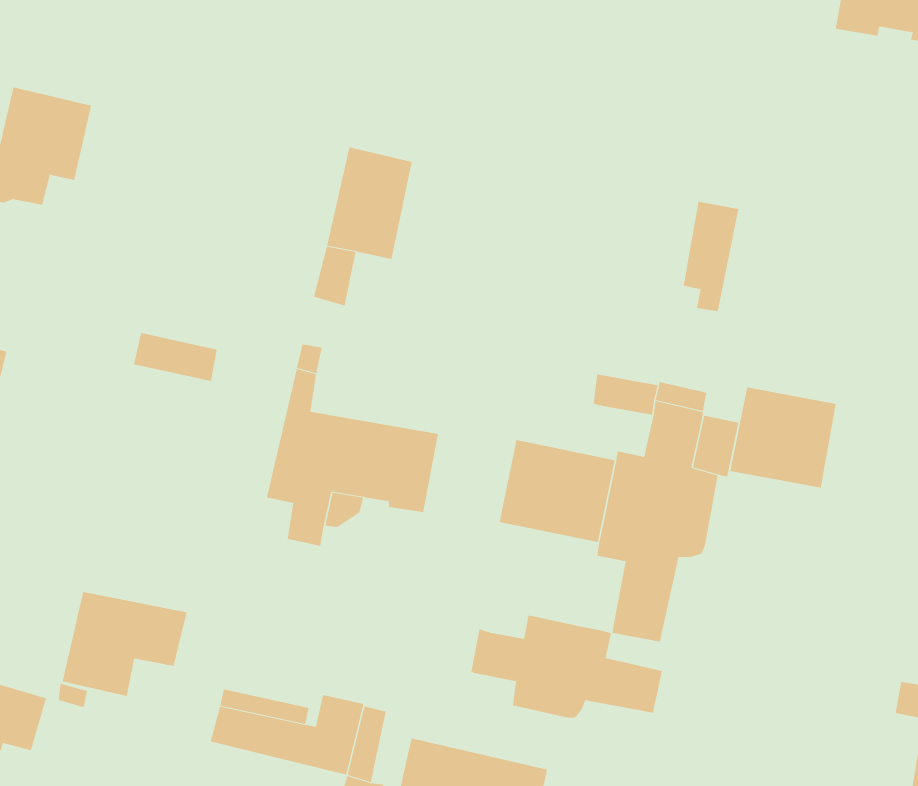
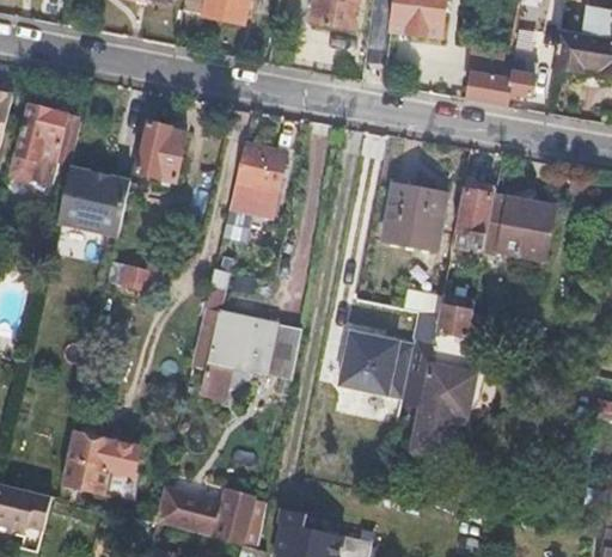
building: none -> [469,59,536,106]
building: none -> [136,121,186,183]
building: none -> [56,169,129,237]
building: none -> [382,184,443,249]
building: [729,387,836,488] -> [483,194,551,258]
building: [471,615,663,719] -> none

